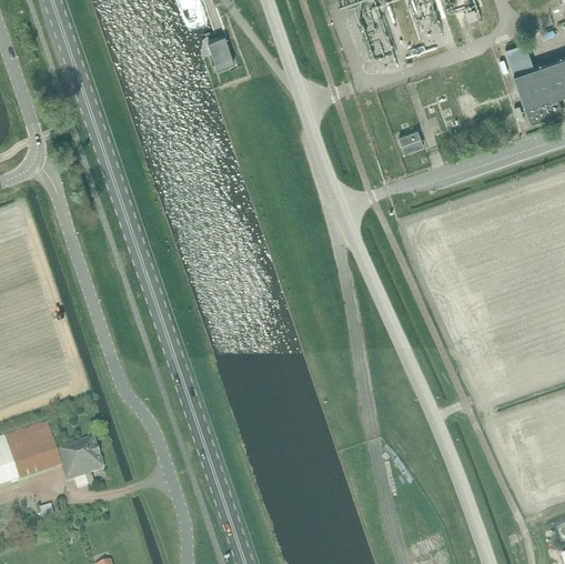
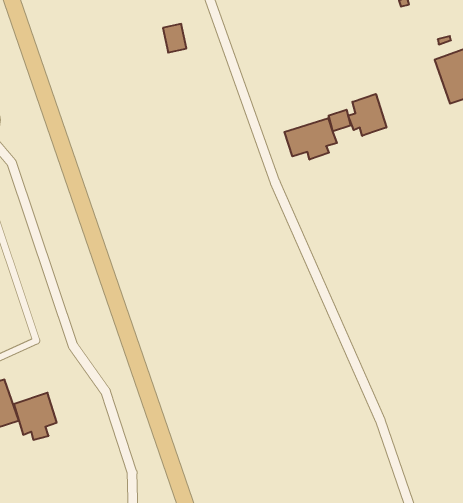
building: none -> [348,94,386,136]
building: none -> [284,118,337,160]

